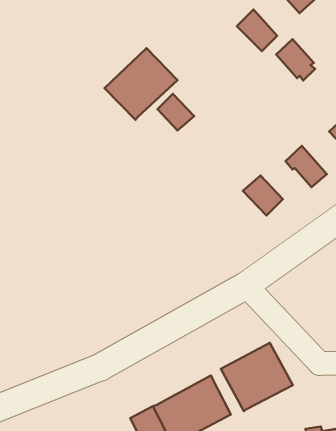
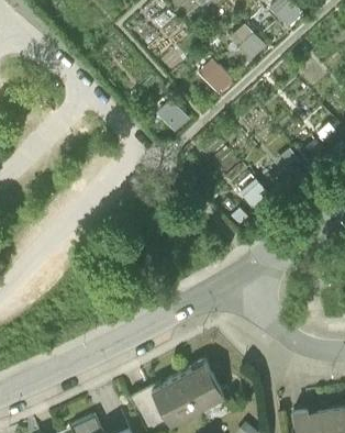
building: [276,39,315,81] -> [196,57,232,96]
building: [105,48,177,120] -> none
building: [221,343,293,411] -> none

